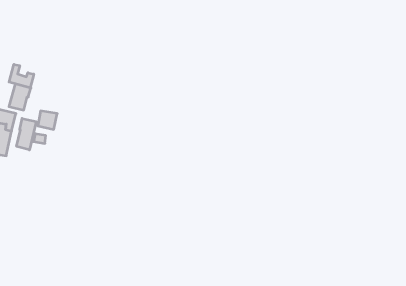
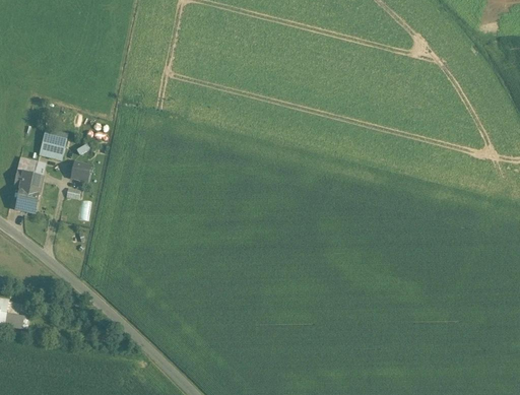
building: [9,64,34,88] -> none
building: [17,118,36,150] -> none

